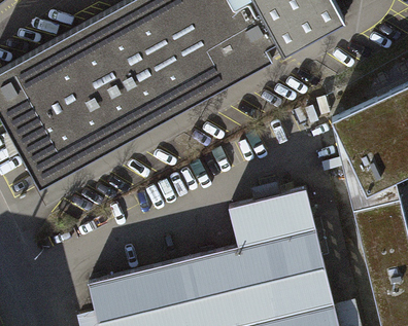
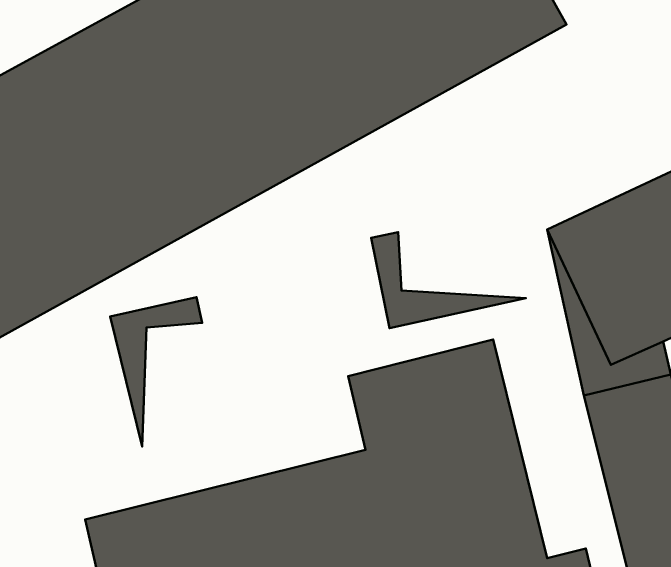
building: none -> [371,232,526,328]
building: none -> [110,297,202,447]

